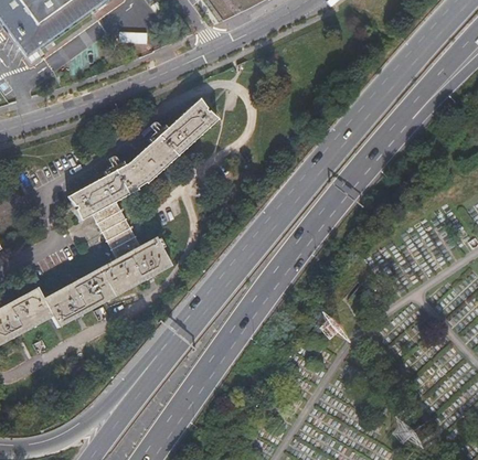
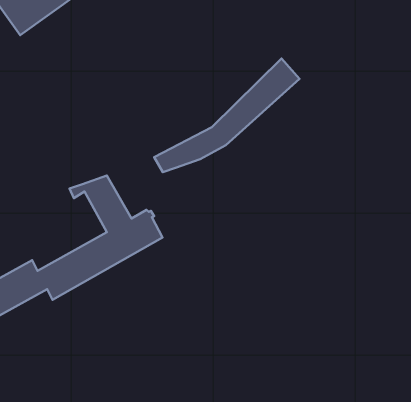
building: [68,95,219,212] -> [154,58,300,172]

